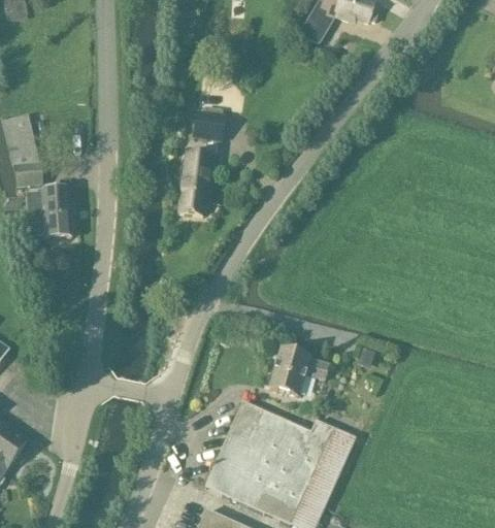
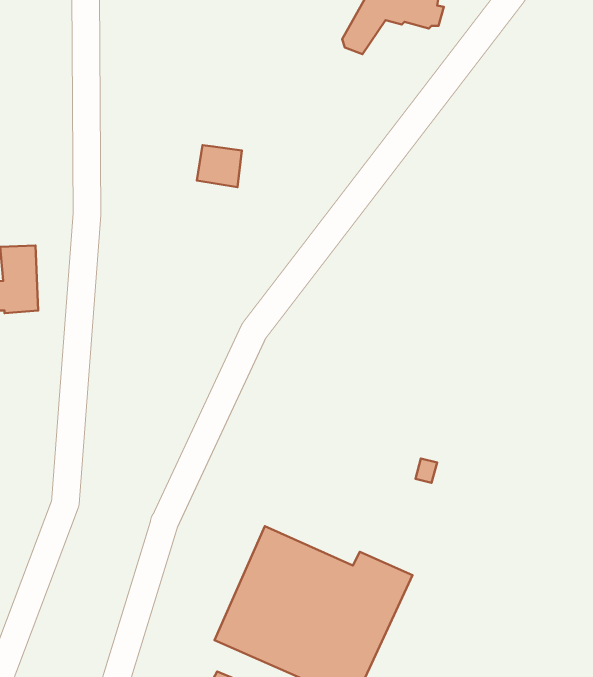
building: [177,153,207,214] -> none
building: [269,349,328,395] -> none

